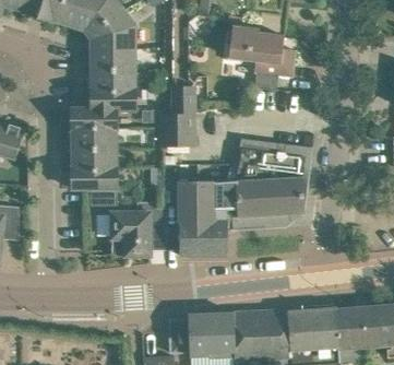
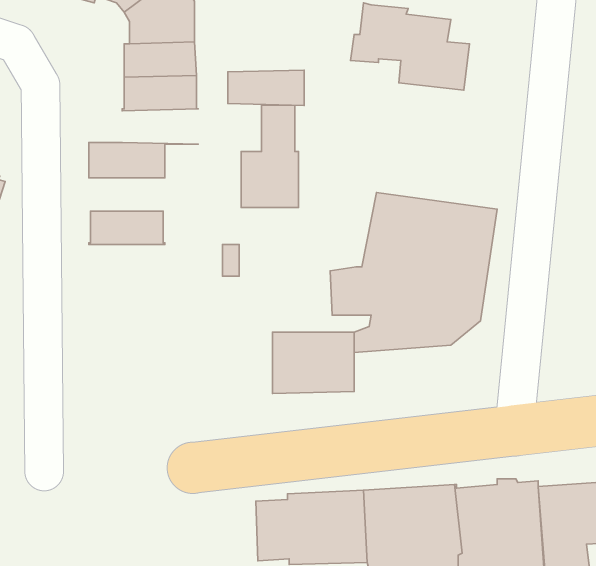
building: [91,87,135,108] -> [228,70,304,105]
building: [71,128,116,148] -> none
building: [71,167,116,188] -> none
building: [179,179,214,219] -> none
building: [110,201,165,255] -> none

